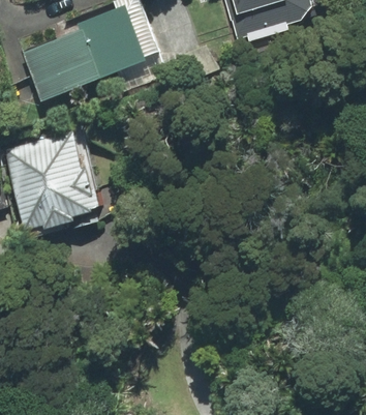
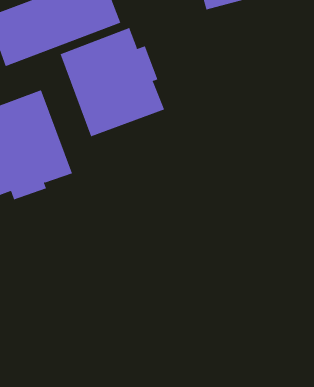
building: none -> [60,27,165,137]

